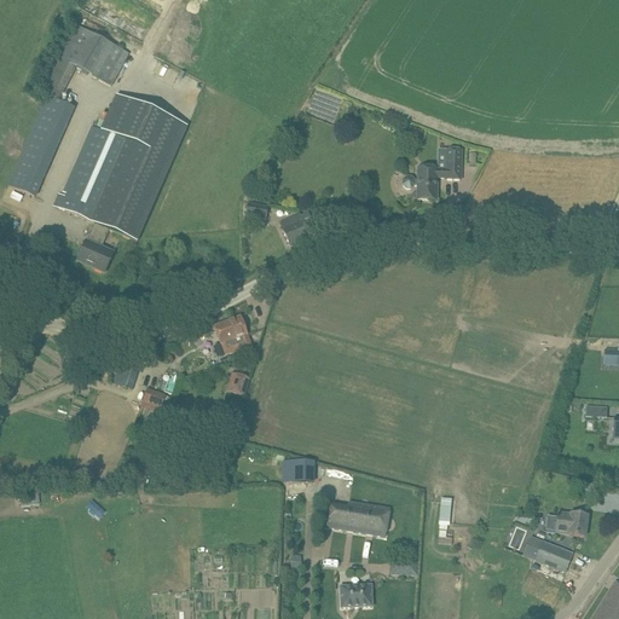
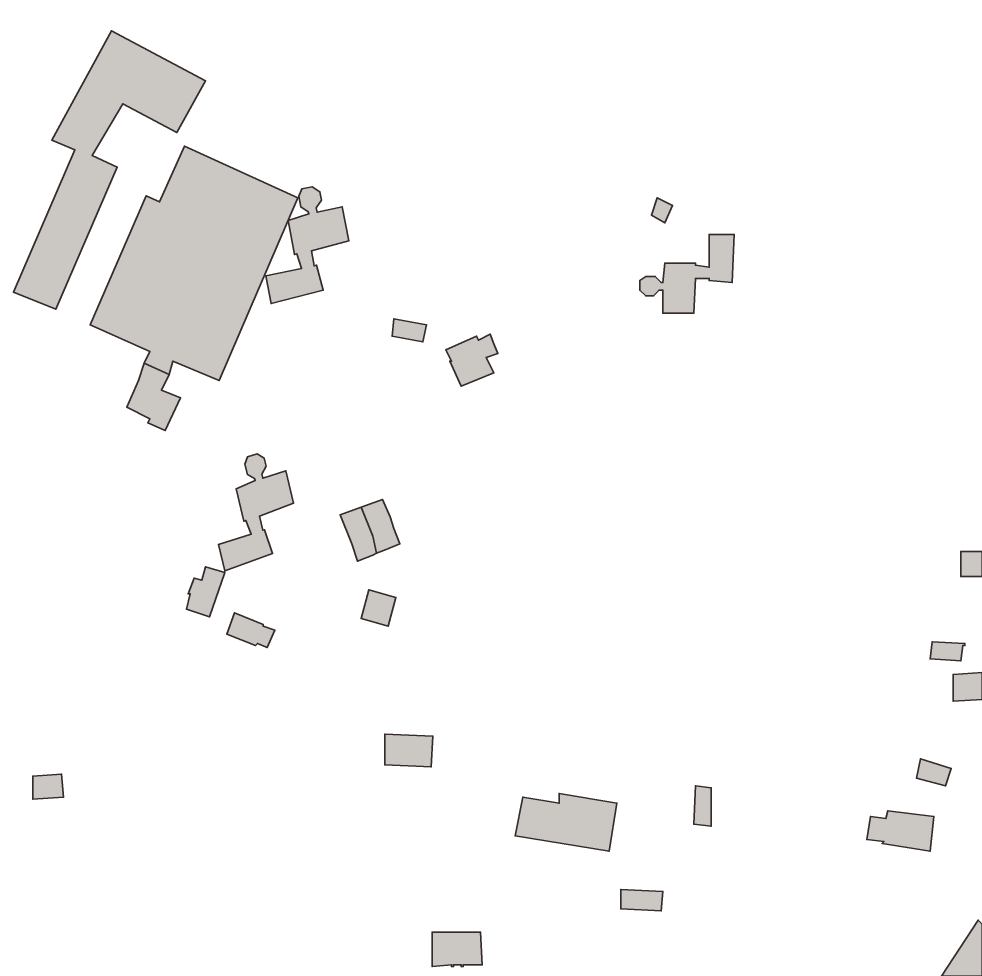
building: none -> [266,187,349,303]
building: none -> [219,454,294,571]
building: [284,459,314,480] -> [385,734,433,767]
building: [523,536,573,569] -> none
building: [340,584,371,606] -> [432,932,482,967]

